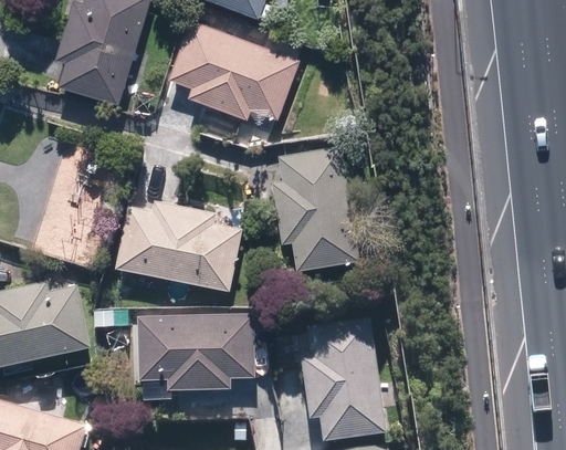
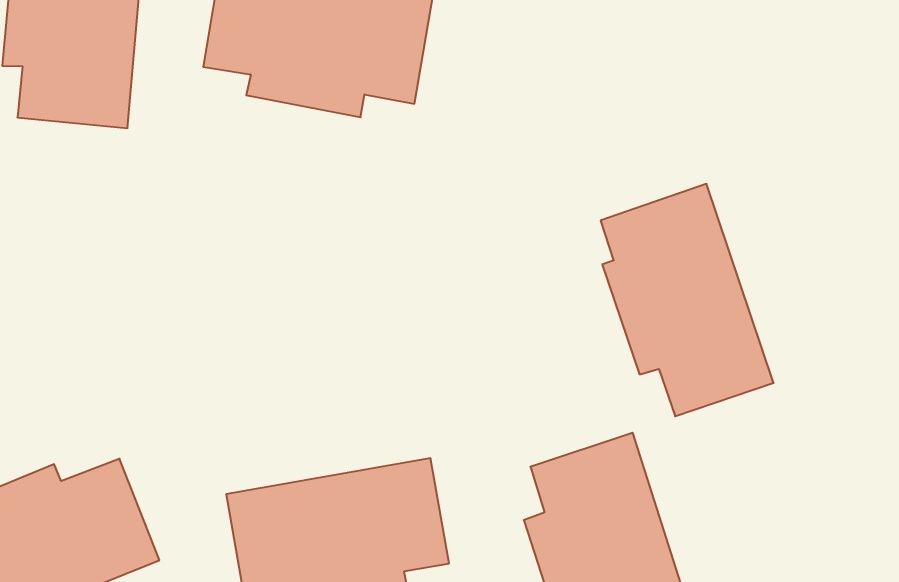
building: [273,145,356,270] -> [601,184,774,416]
building: [114,198,241,291] -> none

